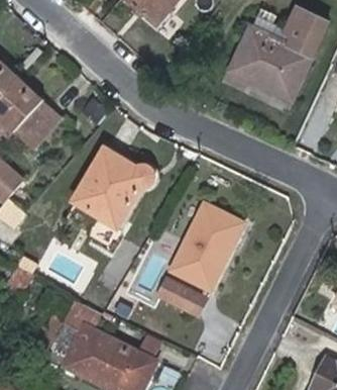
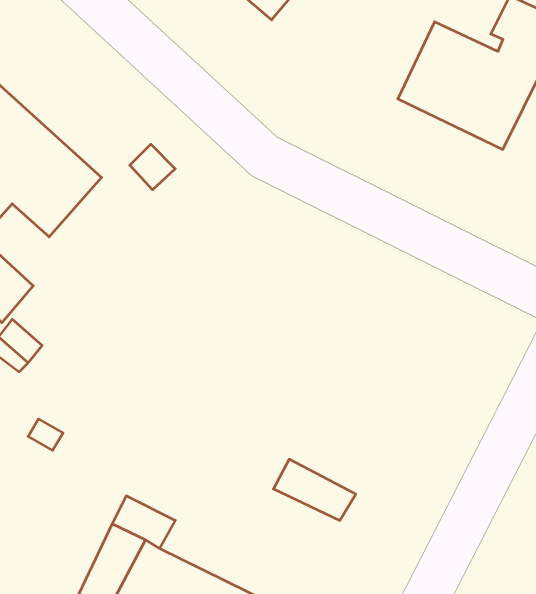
building: [74,148,153,227] -> none
building: [172,203,237,289] -> none

